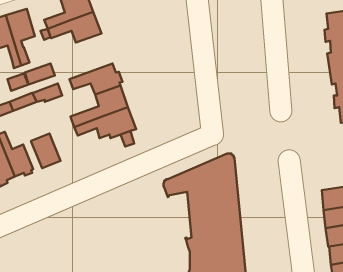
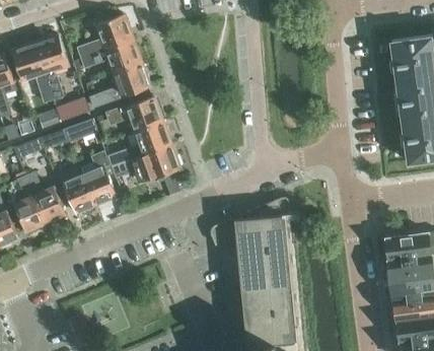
building: none -> [88,63,149,108]
building: none -> [83,150,116,205]

